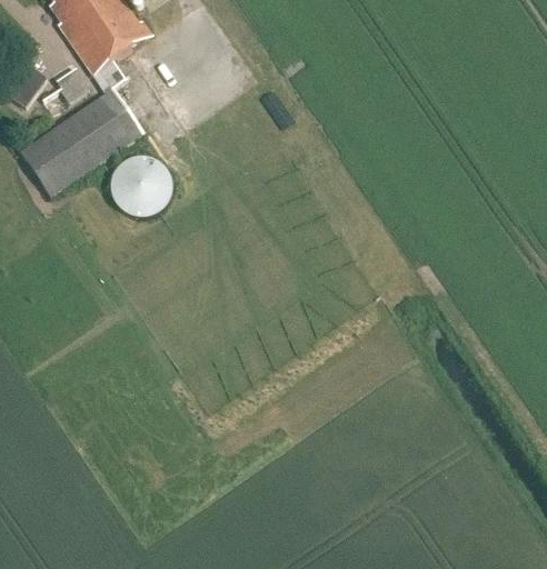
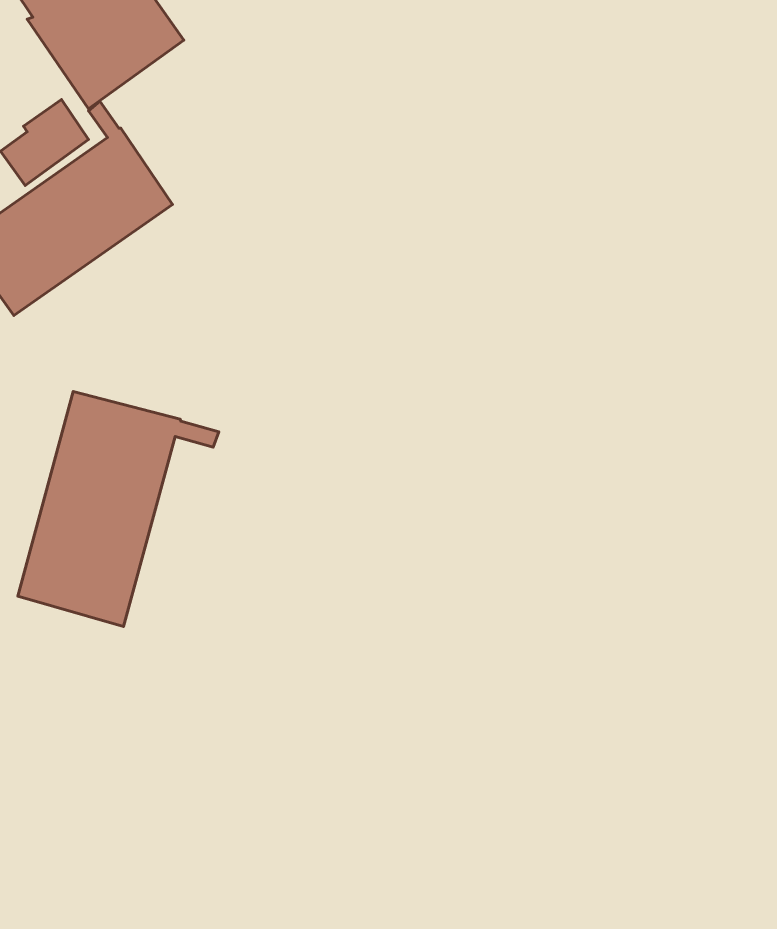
building: [109,156,171,217] -> none
building: none -> [18,392,219,627]

